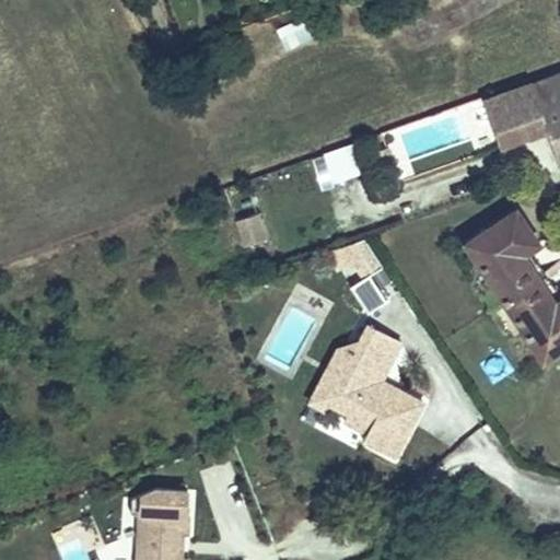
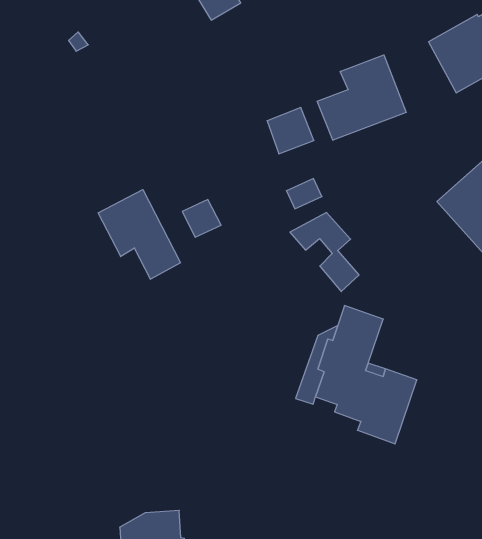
building: none -> [317,55,406,140]
building: none -> [98,190,180,279]

